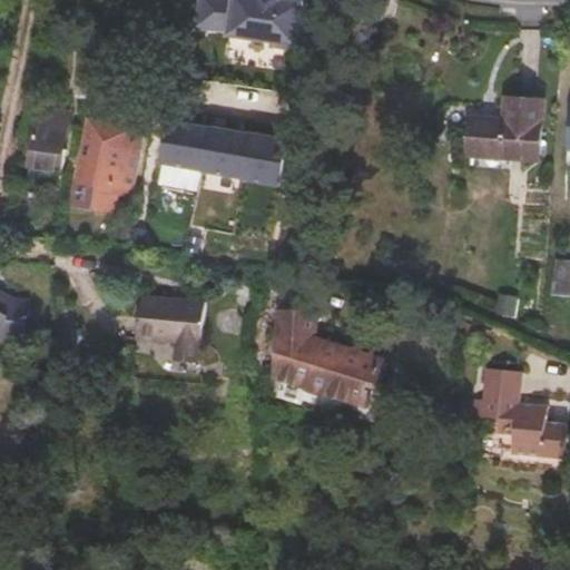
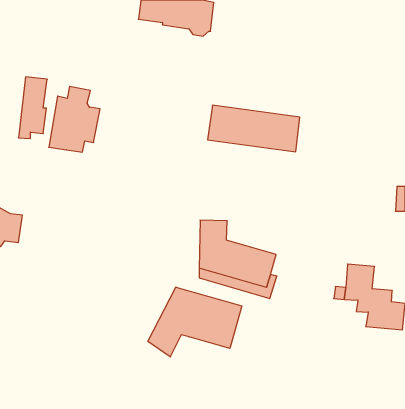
building: [465,98,540,159] -> none
building: [159,118,287,183] -> [208,105,300,152]
building: [137,295,204,356] -> none
building: none -> [148,287,242,357]

